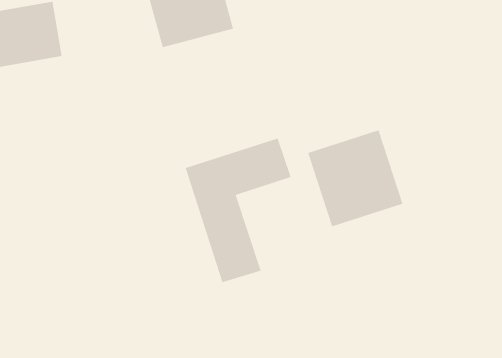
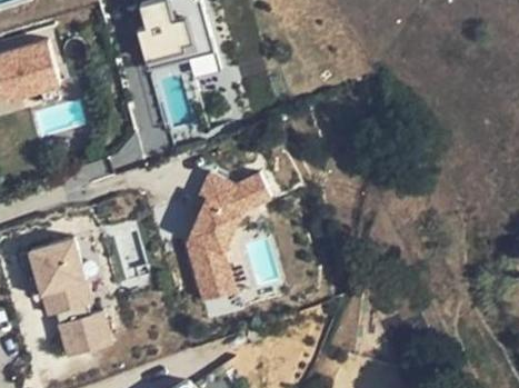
building: [307,130,403,227] -> none
building: none -> [26,238,113,358]

